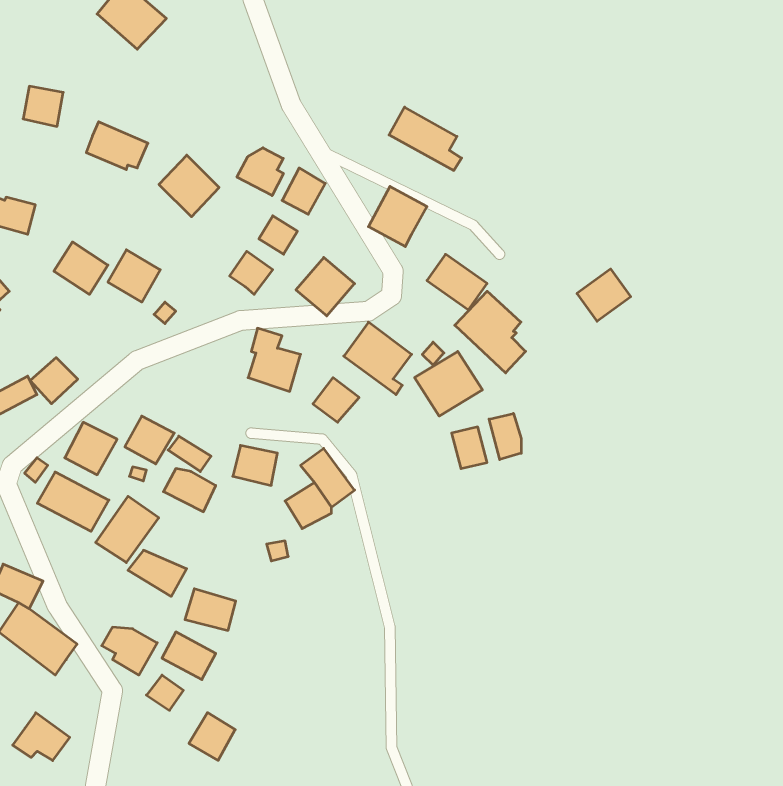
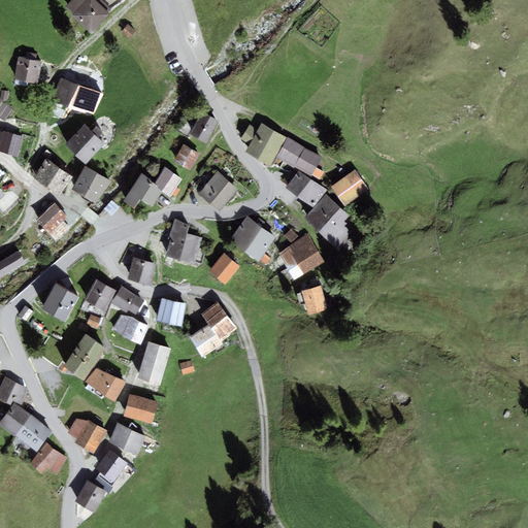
building: [389,107,462,170] -> [275,138,324,180]
building: [237,148,283,196] -> none
building: [159,155,219,217] -> [65,124,105,165]
building: none -> [123,175,164,209]
building: [577,269,631,321] -> [331,171,367,206]
building: [30,358,78,404] -> [33,202,65,233]
building: none -> [128,257,157,285]
building: [489,413,521,460] -> none
building: [37,472,109,531] -> none
building: none -> [137,341,170,383]
building: [189,713,235,760] -> [74,480,105,512]
building: [13,713,70,761] -> [29,441,67,473]

